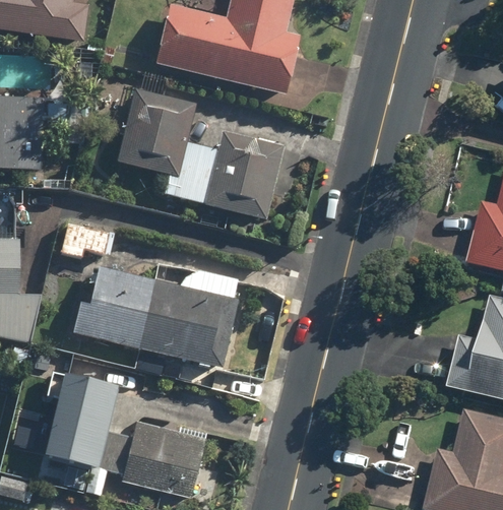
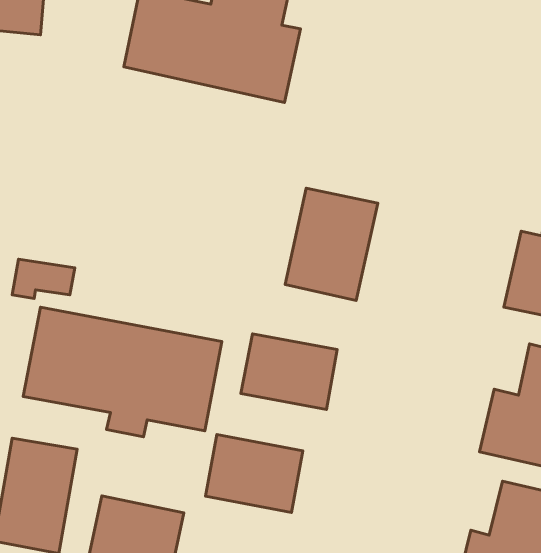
building: [117,89,282,220] -> none
building: none -> [285,188,378,301]
building: none -> [241,334,337,410]
building: none -> [205,435,303,513]

